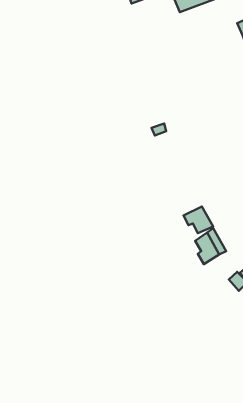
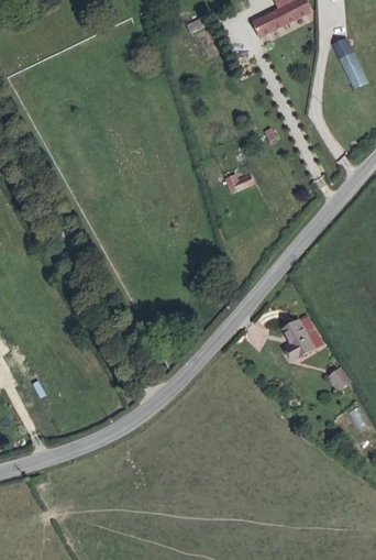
building: [184,206,213,233] -> none

